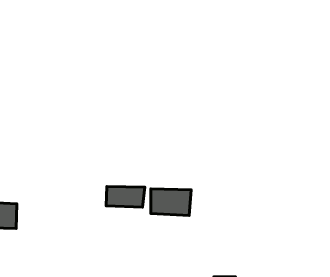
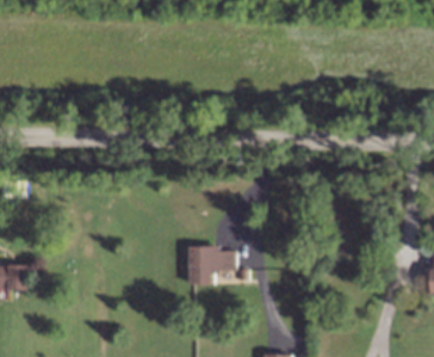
building: [106,187,145,207] -> none

